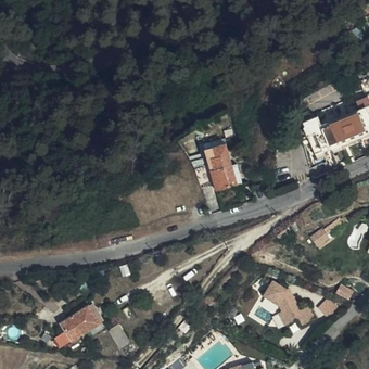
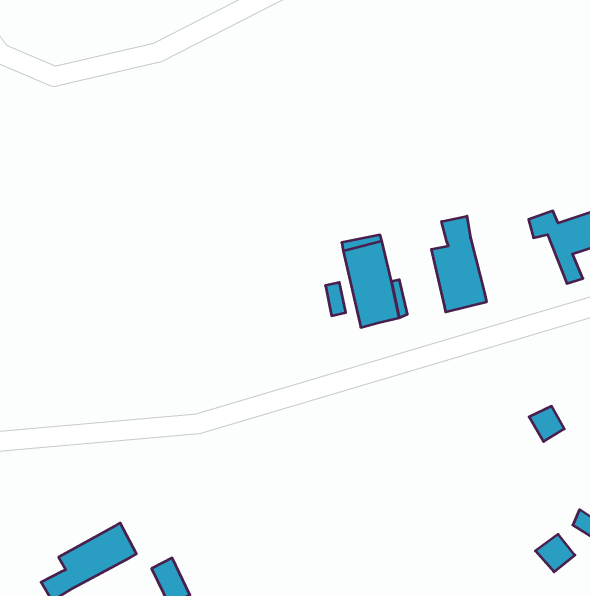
building: none -> [431,216,486,312]
building: [263,281,314,328] -> none

